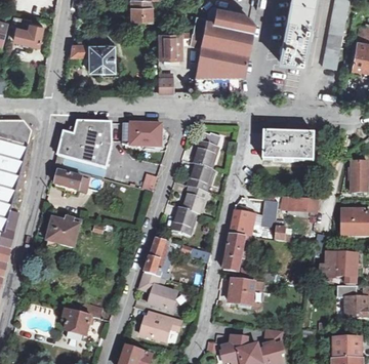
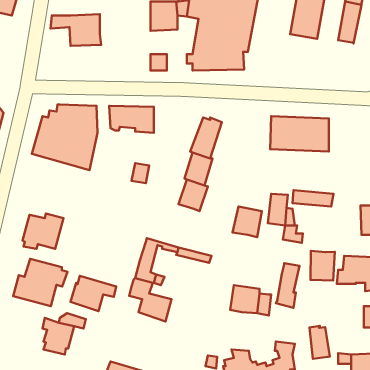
building: [53,164,88,191] -> none
building: [172,207,196,235] -> none
building: [222,233,243,272] -> [276,263,299,308]
building: none -> [311,251,335,280]
building: none -> [13,259,67,306]
building: [140,311,180,341] -> [70,276,116,311]
building: none -> [310,326,330,359]

